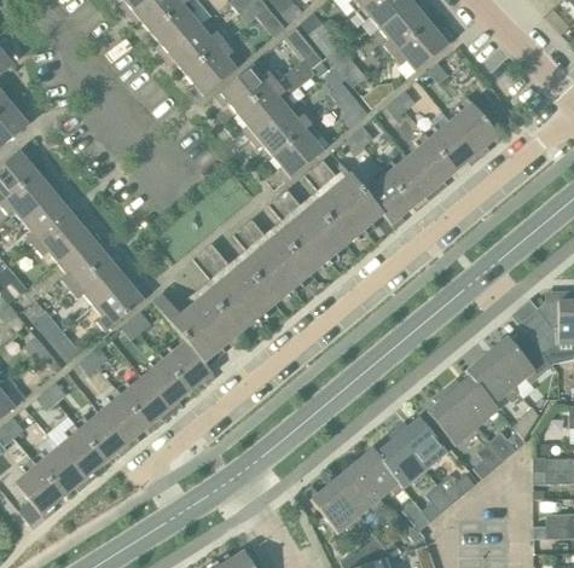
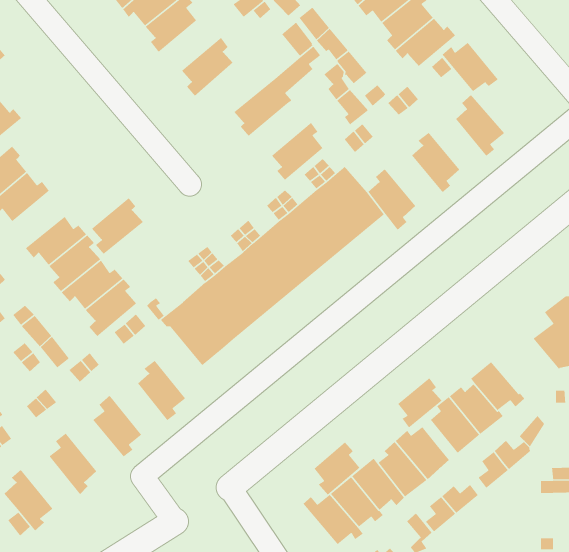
building: [164,27,225,75] -> none
building: [215,64,277,115] -> none
building: [251,108,312,157] -> none
building: [425,122,481,170] -> [441,42,499,92]
building: [383,157,439,205] -> none
building: [23,191,74,247] -> [91,197,144,255]
building: [161,323,215,392] -> none
building: [486,334,551,387] -> none
building: none -> [397,377,443,428]
building: [117,377,173,427] -> none
building: [75,412,131,462] -> none
building: none -> [313,442,361,495]
building: [31,447,88,498] -> none

